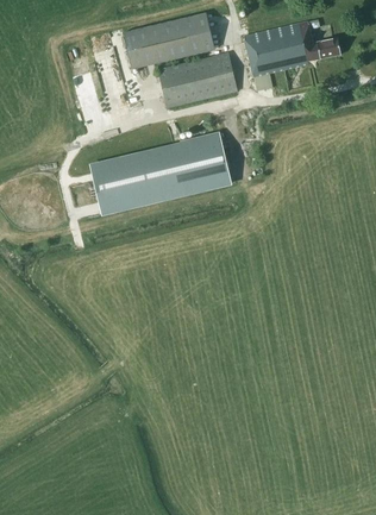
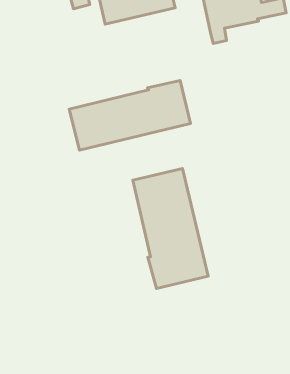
building: [157,52,238,107] -> none
building: none -> [133,169,208,289]

